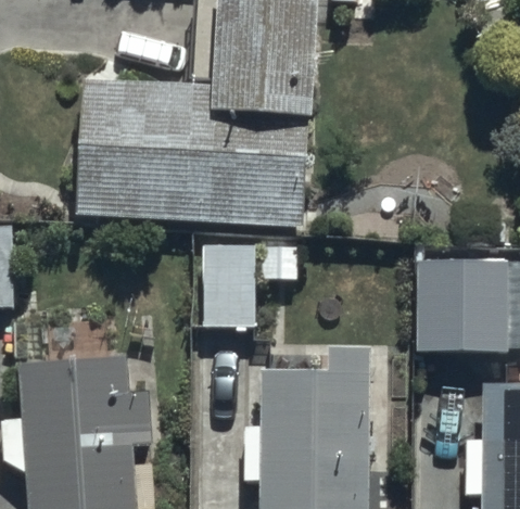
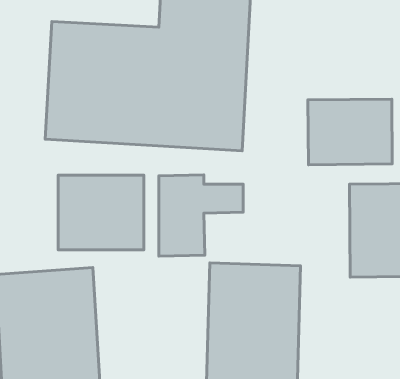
building: none -> [308,99,392,165]
building: none -> [58,175,144,250]

